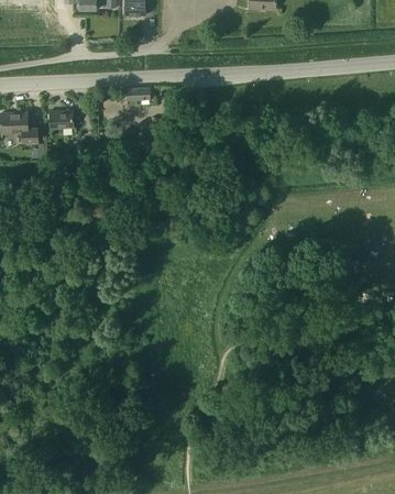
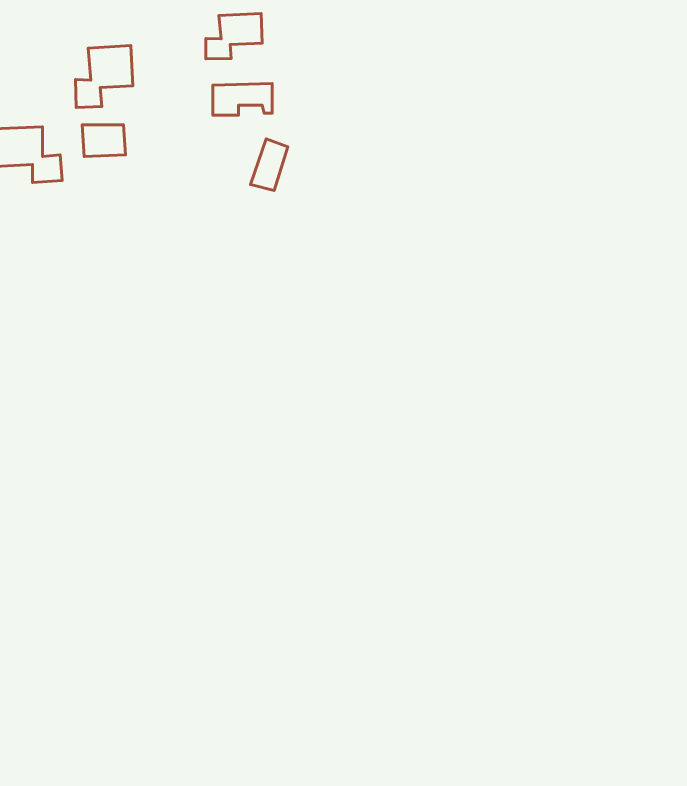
building: none -> [206,14,262,59]
building: none -> [75,46,133,107]

